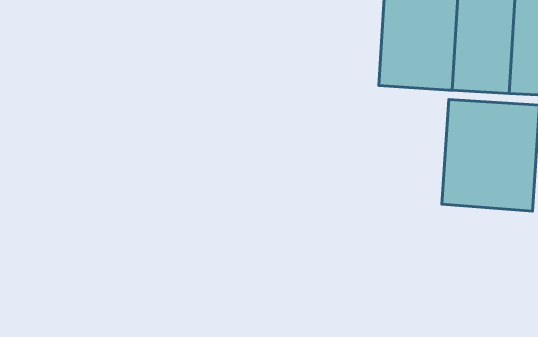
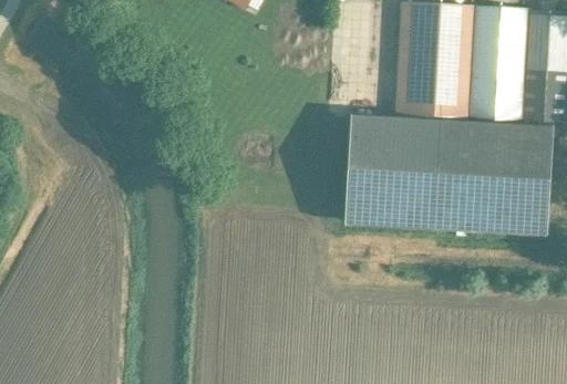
building: none -> [348,114,463,227]

